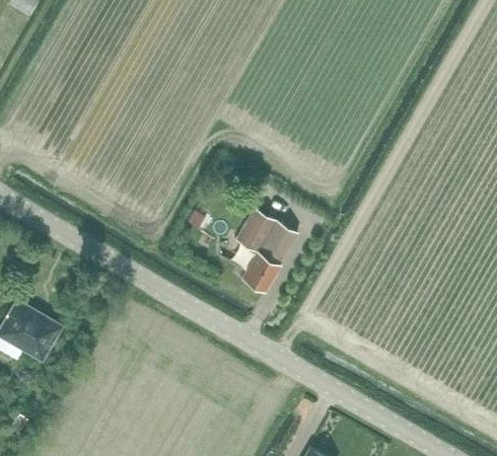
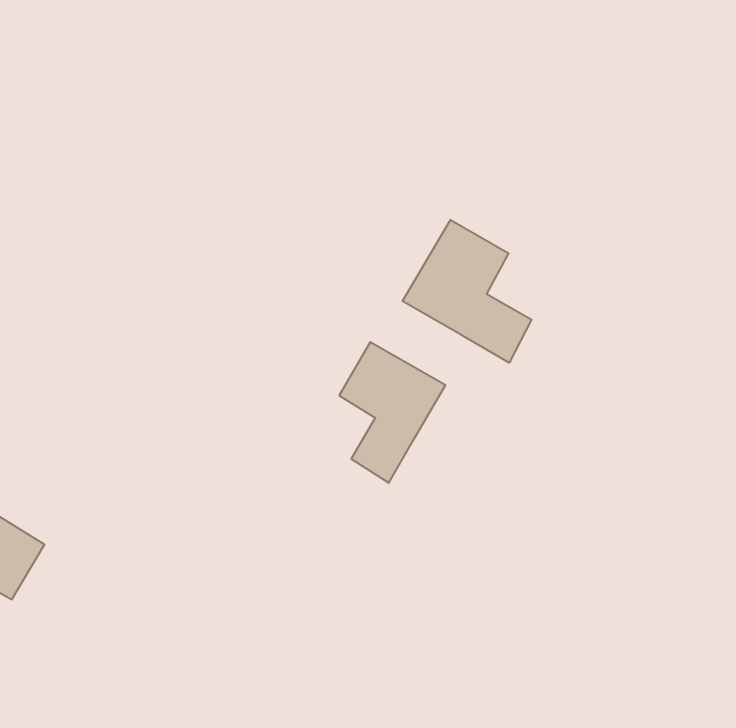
building: none -> [403,220,532,363]

